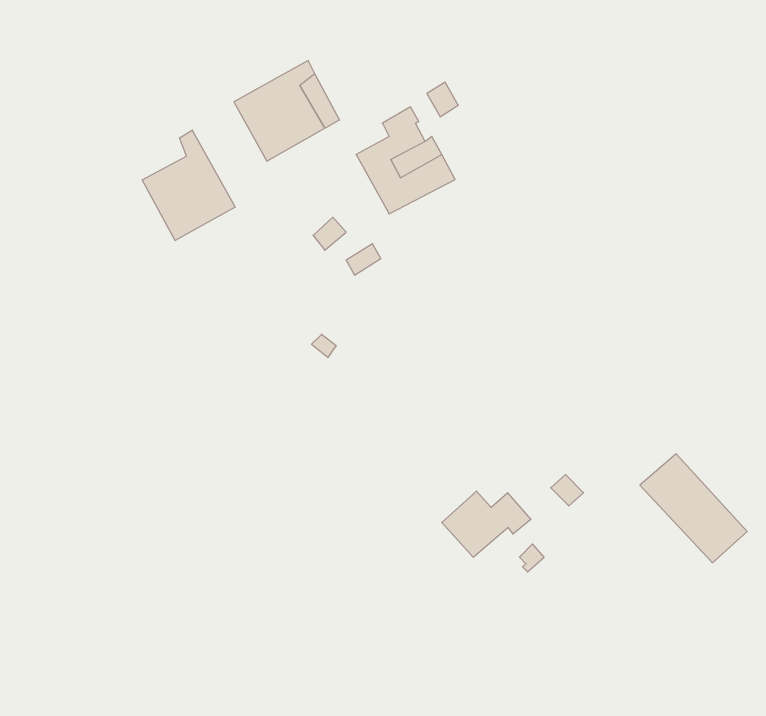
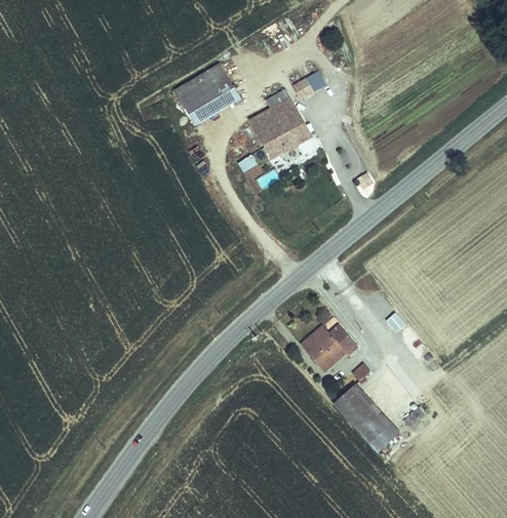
building: [142,130,235,241] -> none
building: [640,454,747,563] -> [332,384,398,451]

